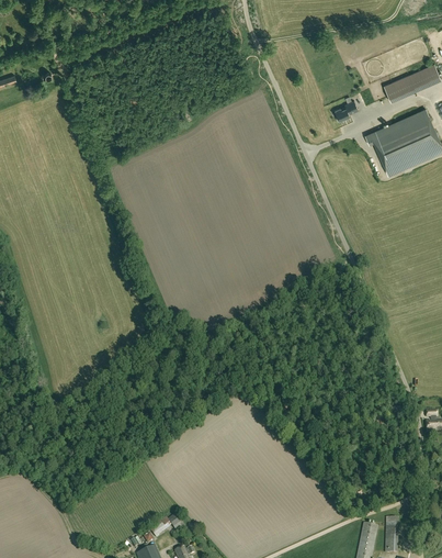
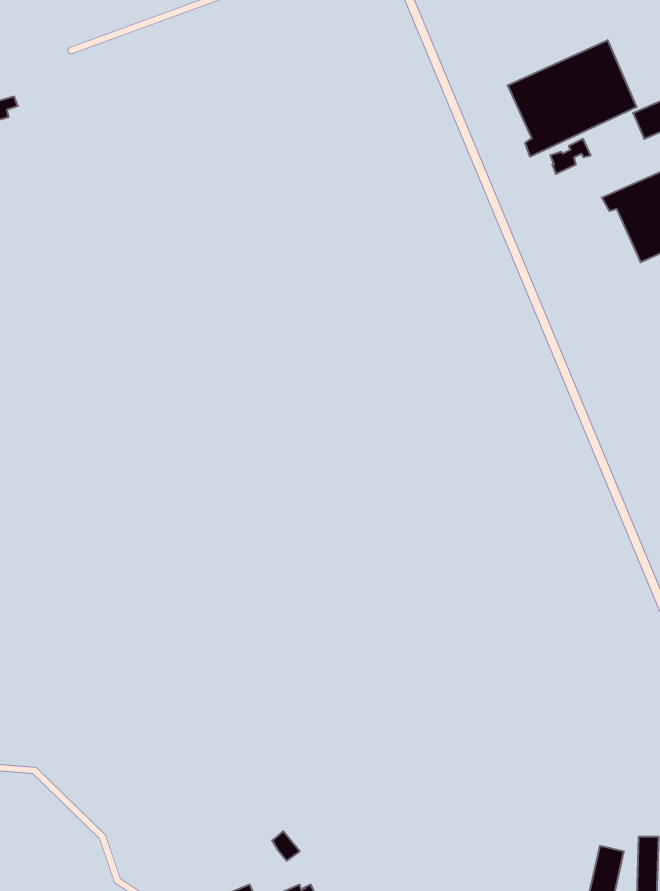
building: none -> [508,40,636,157]

